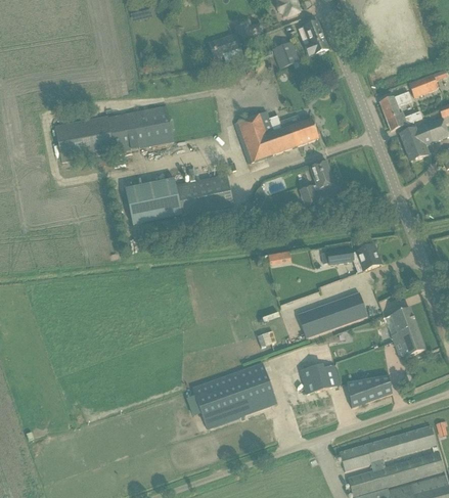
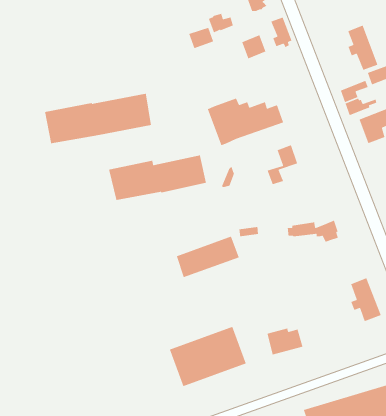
building: none -> [347,24,378,71]
building: [297,291,367,338] -> [176,235,240,278]
building: [347,375,392,408] -> none

